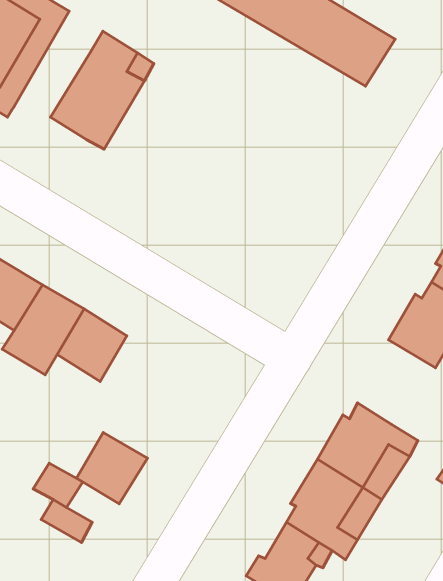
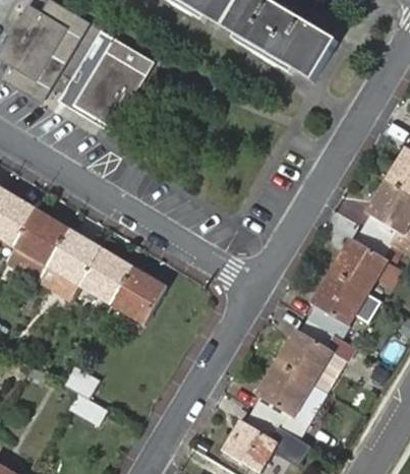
building: none -> [57,29,115,133]
building: none -> [307,272,366,336]
building: [76,433,147,504] -> [112,269,166,322]

